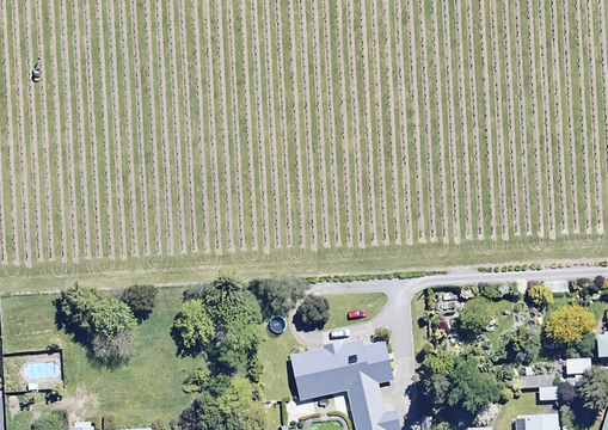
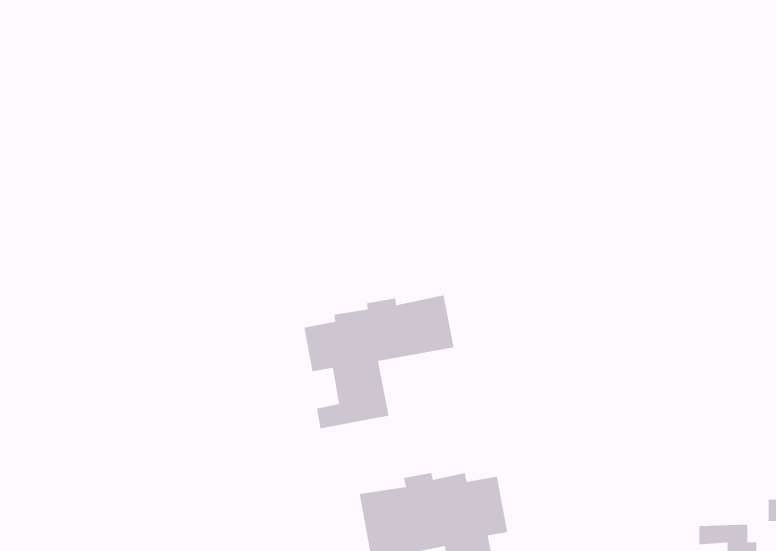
building: none -> [303,294,454,429]

